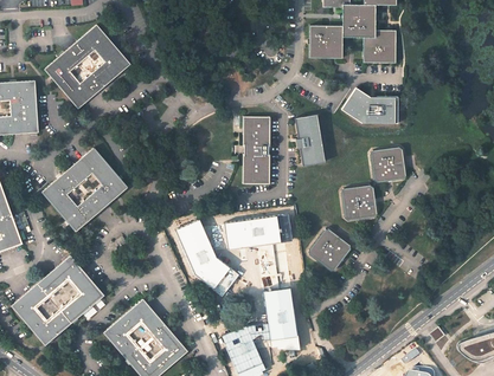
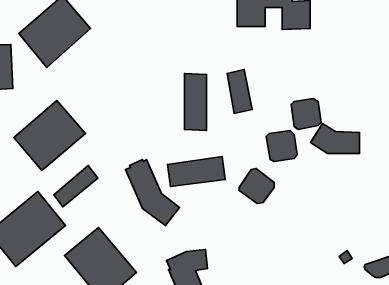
building: [340,86,398,122] -> [311,124,359,154]
building: none -> [54,165,98,207]
building: [264,289,301,350] -> none

